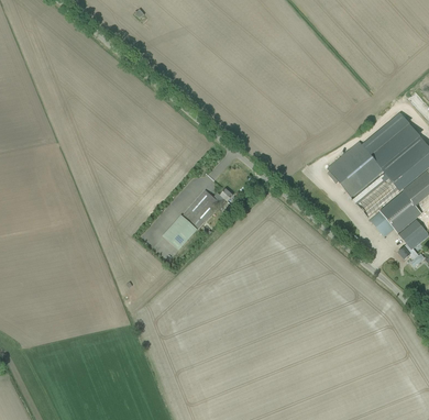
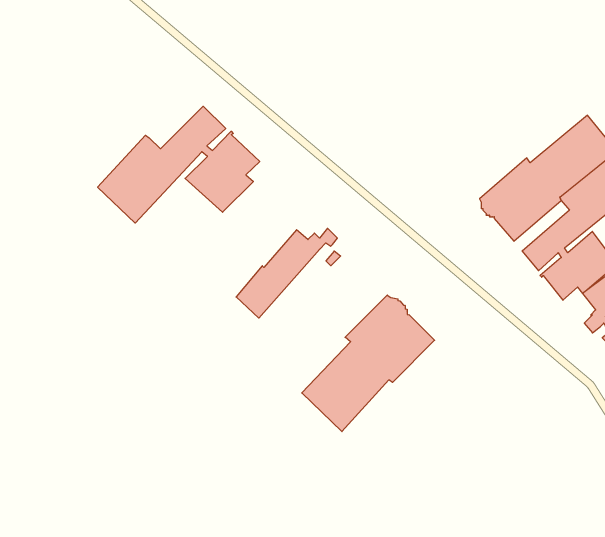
building: none -> [98,106,260,223]
building: none -> [302,295,435,432]

